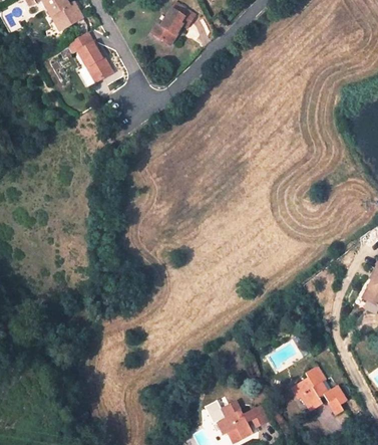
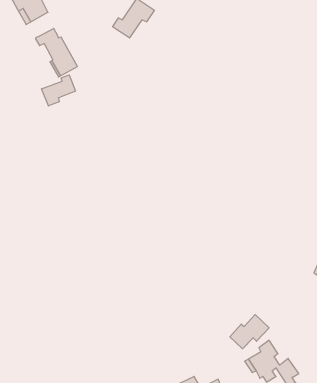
building: none -> [42,75,75,106]
building: none -> [230,315,269,349]

